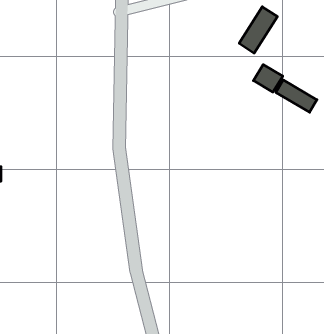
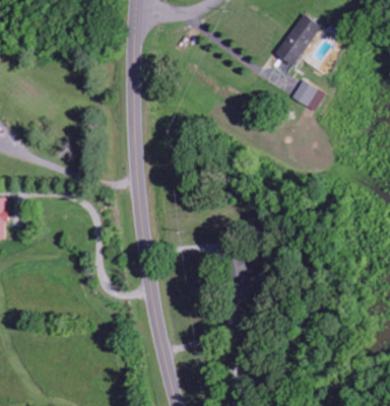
building: [276,80,317,112] -> none

